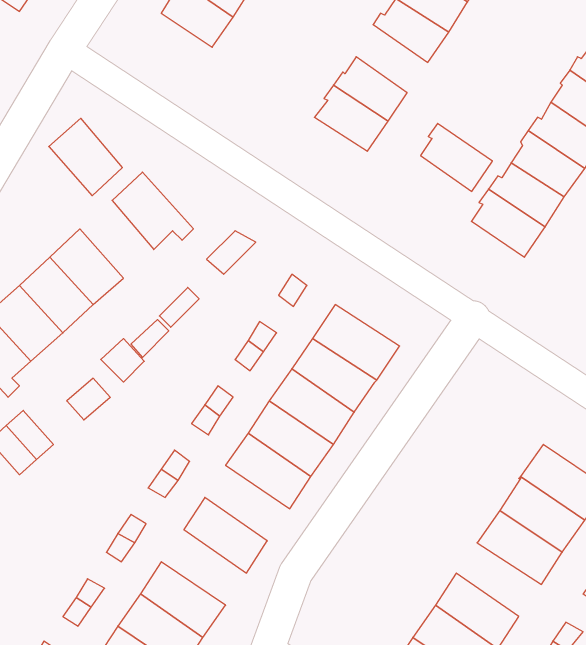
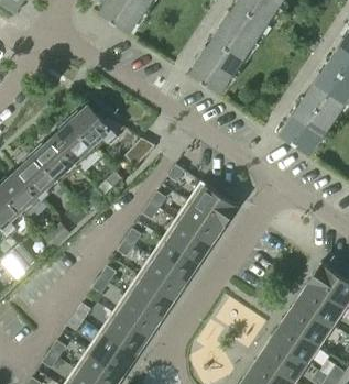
building: [49,118,122,196] -> [52,121,95,166]
building: [421,123,492,191] -> [212,19,254,58]
building: none -> [124,275,174,319]
building: none -> [99,312,149,356]
building: none -> [271,320,320,363]

